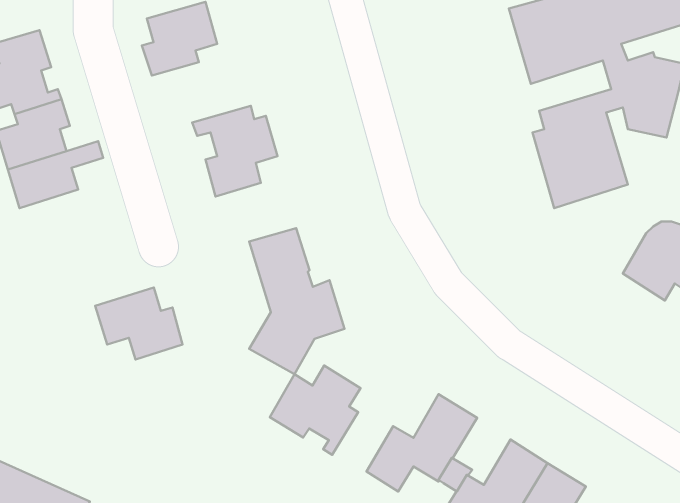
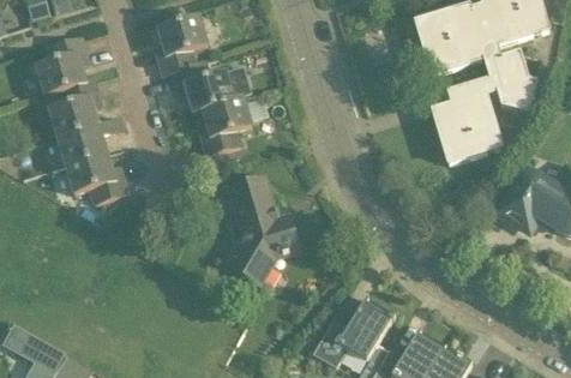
building: none -> [160,60,230,103]
building: [95,288,182,360] -> [65,151,127,203]
building: [270,366,360,455] -> none

